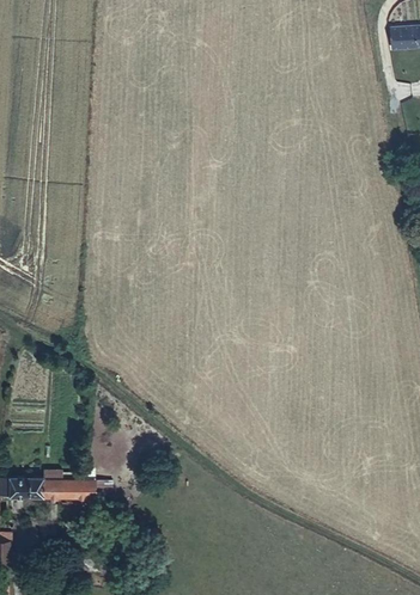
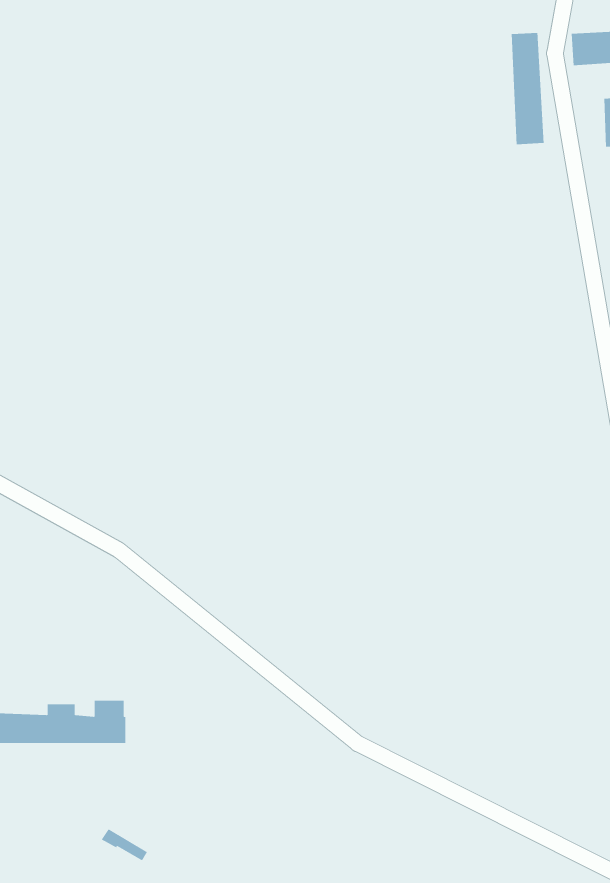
building: none -> [511,32,544,145]

